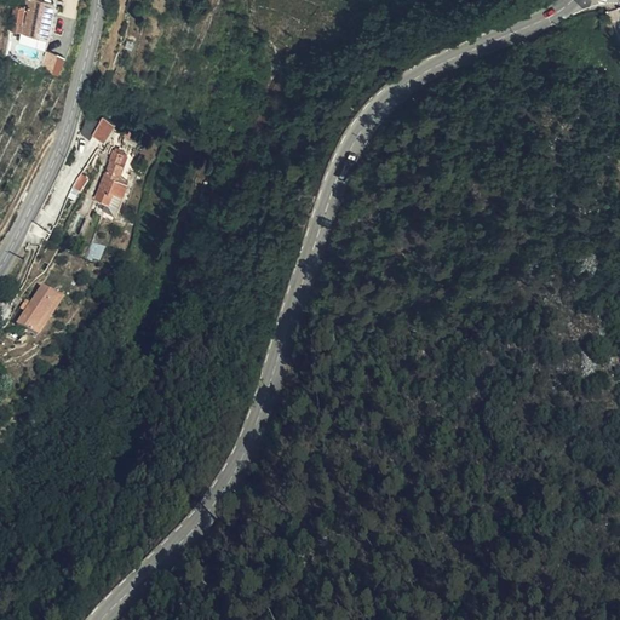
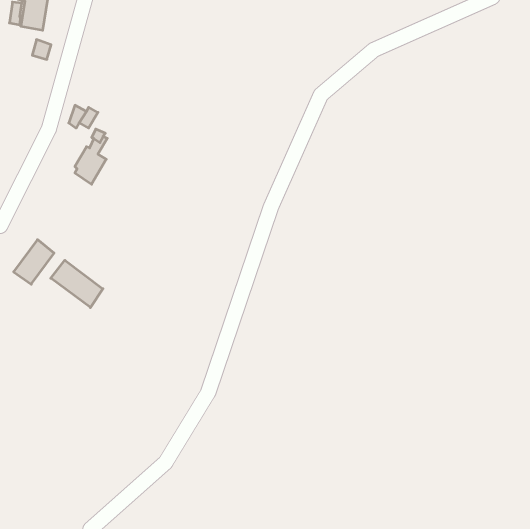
building: none -> [51,260,103,308]

